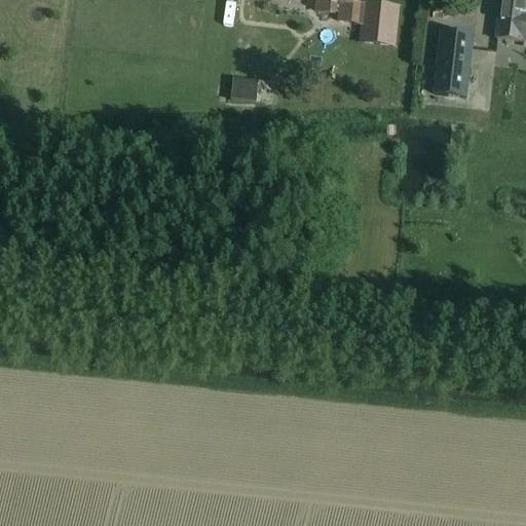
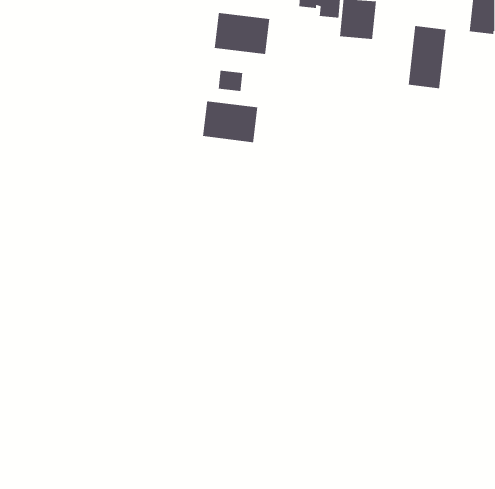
building: none -> [214,12,270,55]
building: none -> [202,100,258,143]

